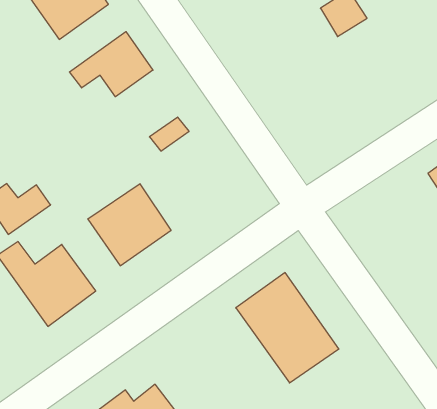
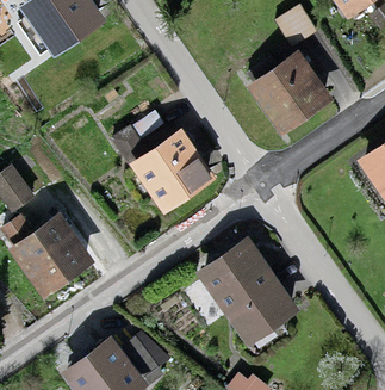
building: [69,32,153,97] -> none
building: none -> [248,56,324,125]
building: [88,184,171,266] -> [137,135,207,204]

